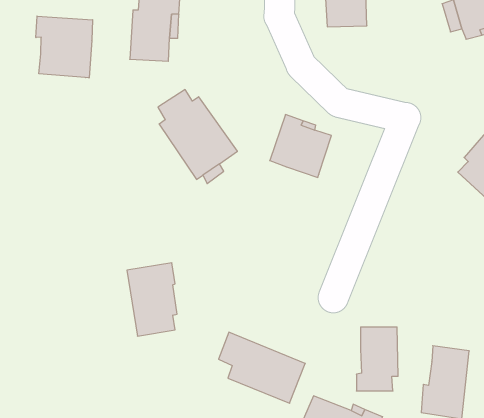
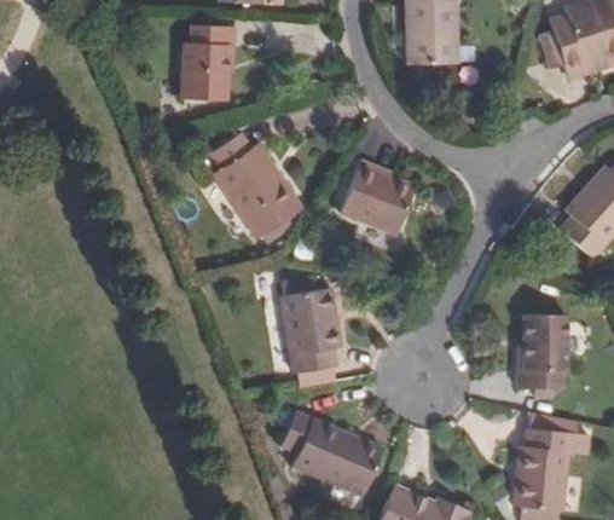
building: [36,16,93,78] -> none
building: [127,263,177,336] -> [280,289,338,374]
building: [356,327,398,391] -> [520,316,568,389]

